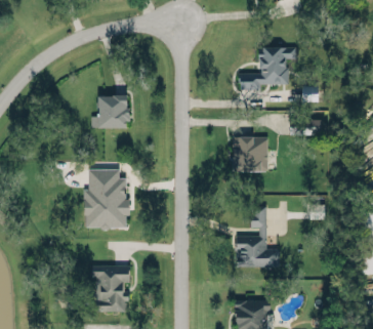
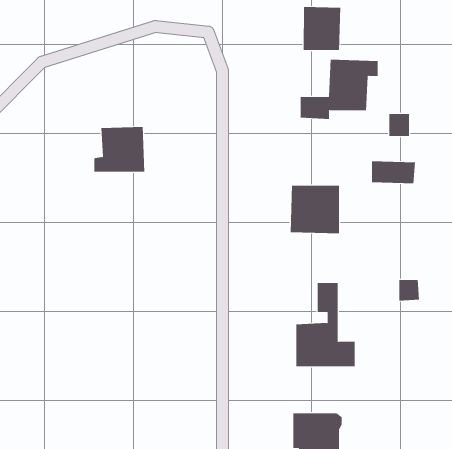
building: none -> [303,6,341,51]
building: [85,168,127,228] -> none
building: [91,264,130,312] -> none

